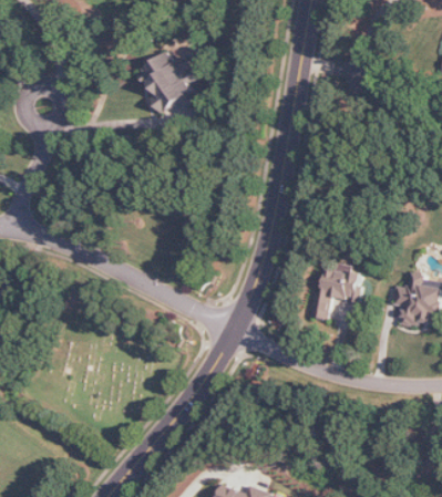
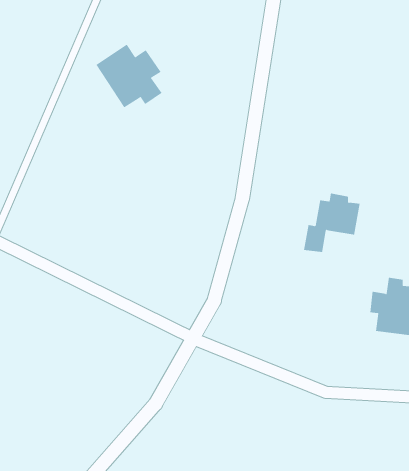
building: [308,262,362,319] -> [303,193,361,253]

